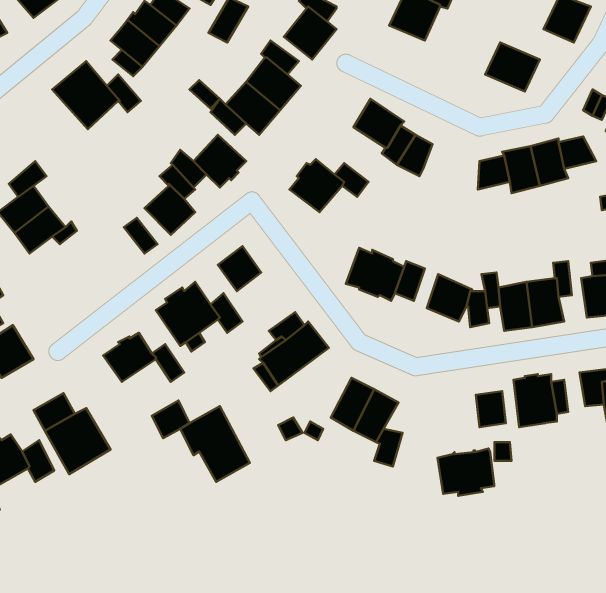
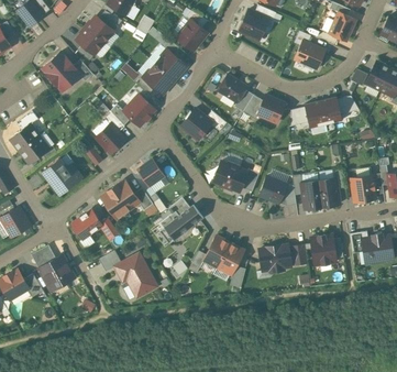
building: none -> [257,96,284,123]
building: none -> [42,158,80,194]
building: [438,449,494,496] -> [257,244,290,272]

